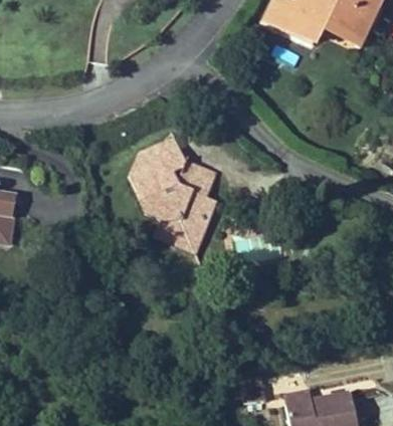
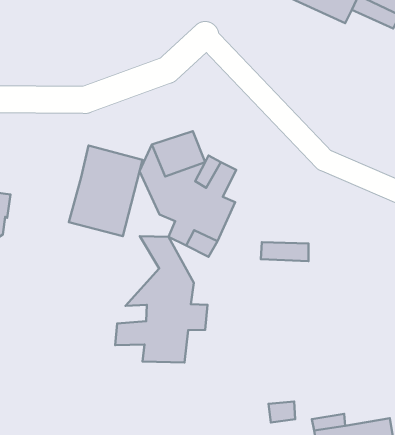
building: none -> [69,146,143,236]
building: none -> [115,236,207,363]

